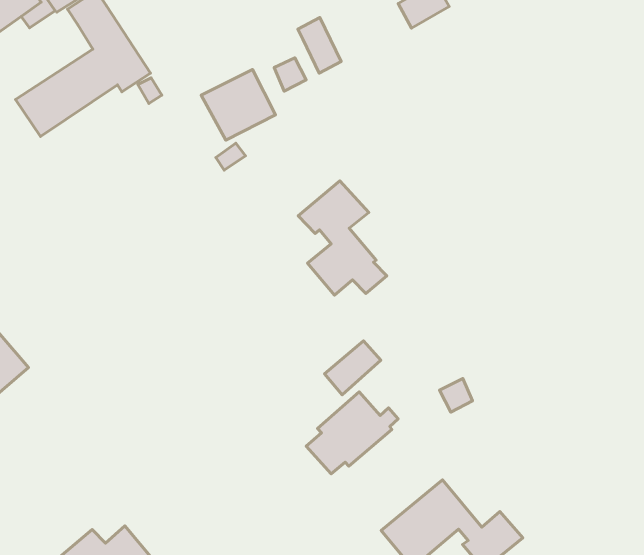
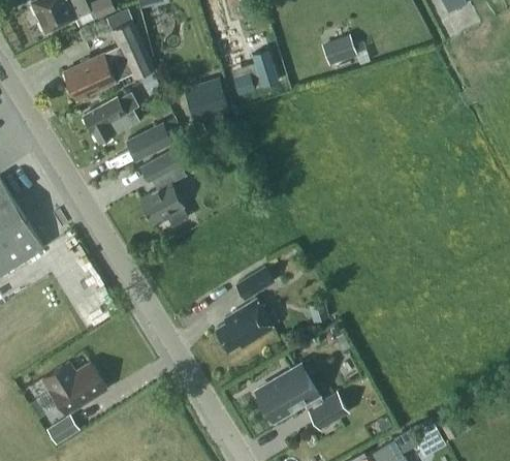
building: none -> [83,92,137,143]
building: none -> [125,122,173,161]
building: [298,181,387,295] -> [137,150,189,226]

